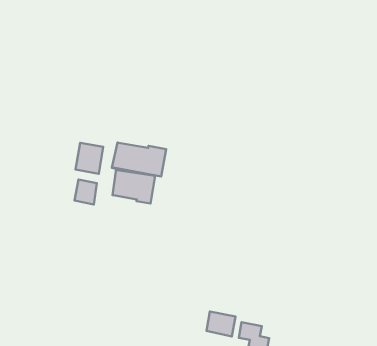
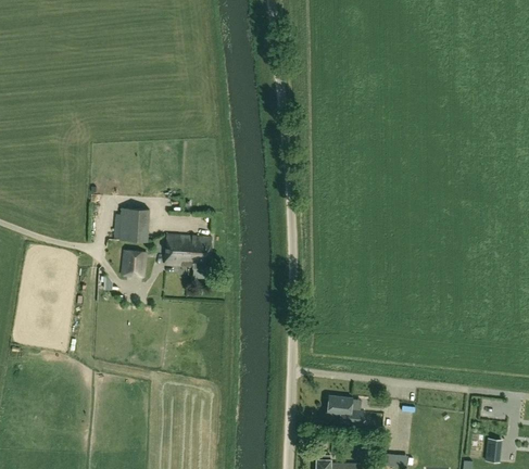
building: [112,143,166,177] -> none
building: [207,312,235,337] -> none

